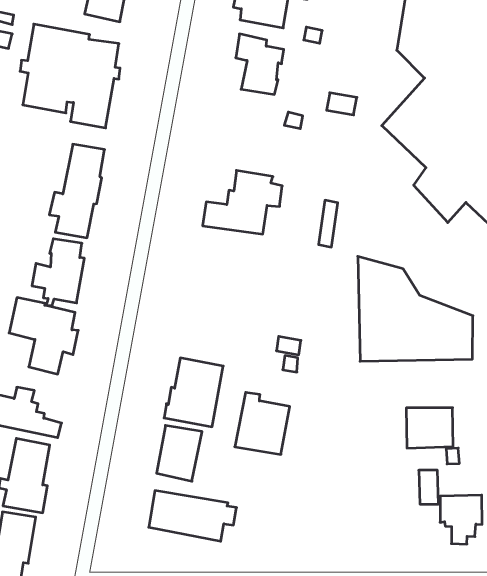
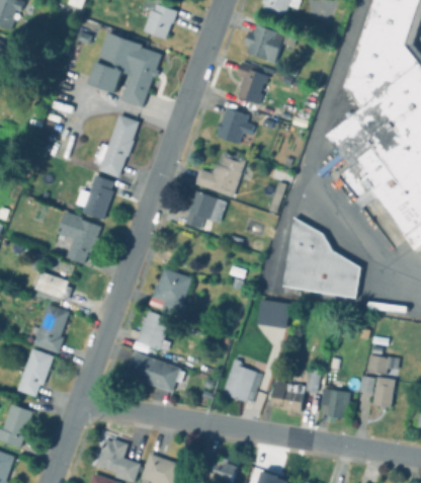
building: none -> [217,108,255,145]
building: none -> [185,191,227,230]
building: [235,392,290,454] -> [222,358,262,403]
building: [406,408,453,448] -> [260,298,294,328]
building: none -> [271,381,305,415]

